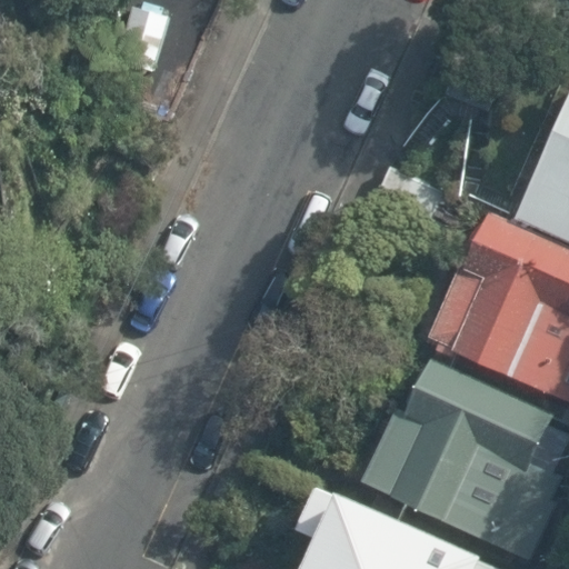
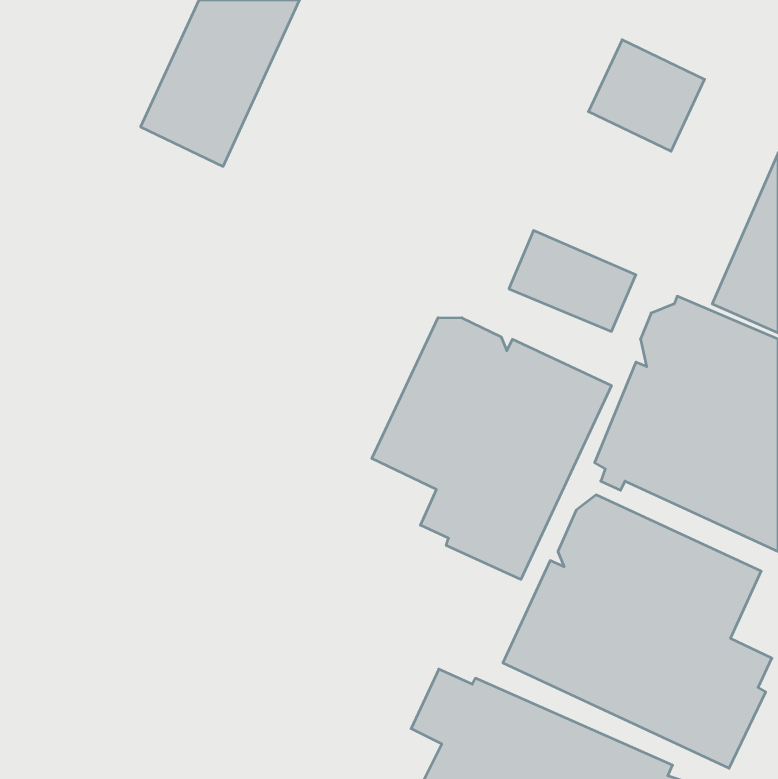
building: none -> [372,318,611,579]

